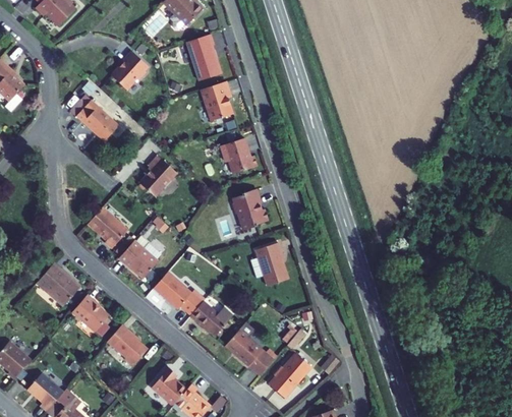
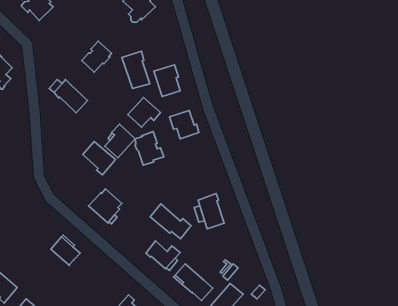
building: [186,34,221,80] -> [122,51,150,89]
building: none -> [128,97,161,127]
building: [234,188,270,230] -> [135,132,164,165]
building: [88,207,128,249] -> [83,141,115,175]
building: [37,263,80,306] -> none
building: [154,272,205,315] -> [150,204,191,239]
building: [107,324,148,366] -> none

